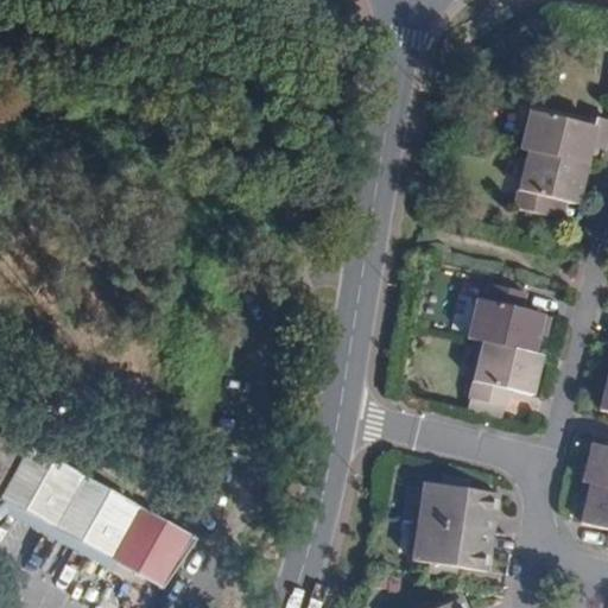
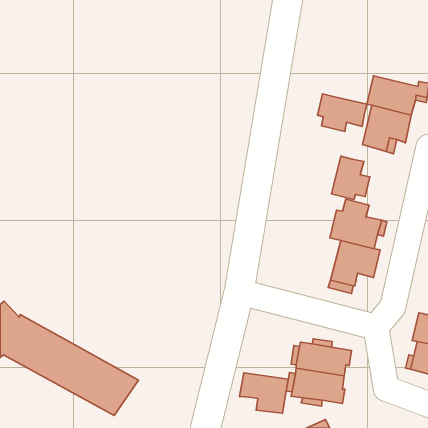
building: none -> [317,94,367,131]
building: none -> [331,156,370,199]
building: none -> [240,373,288,413]

